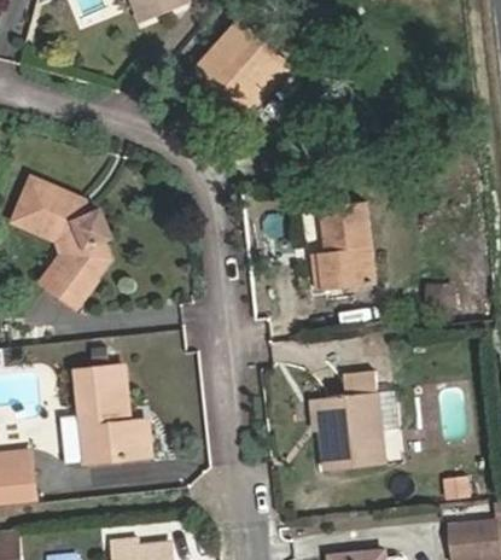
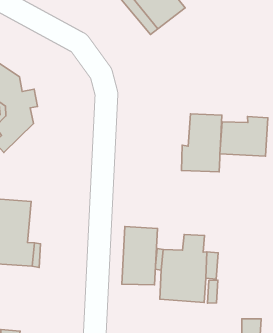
building: none -> [220,116,268,156]
building: none -> [122,227,157,285]

